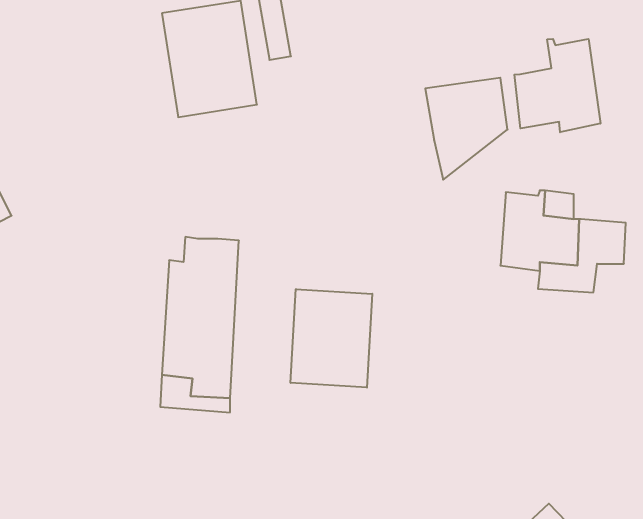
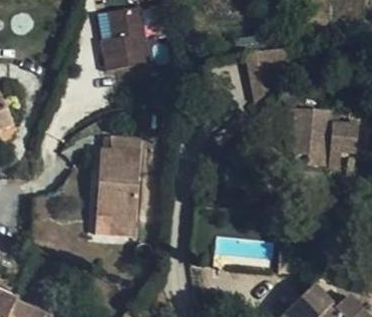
building: [514,39,600,132] -> none
building: [291,289,372,388] -> none

